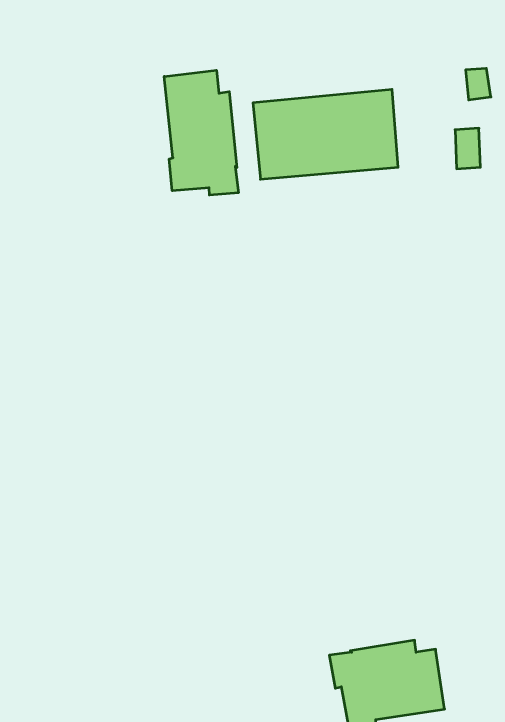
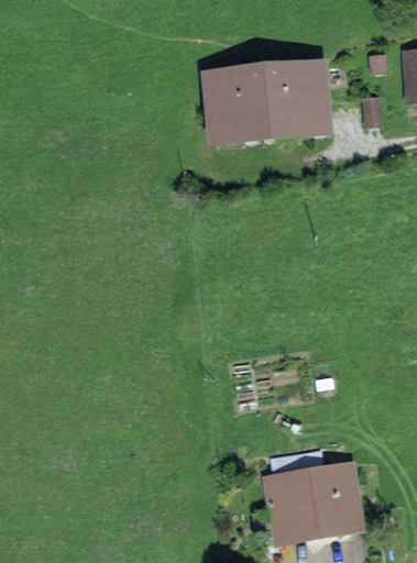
building: [164,70,238,195] -> none

